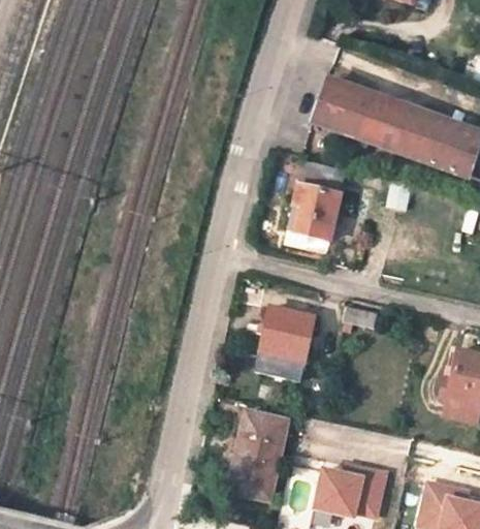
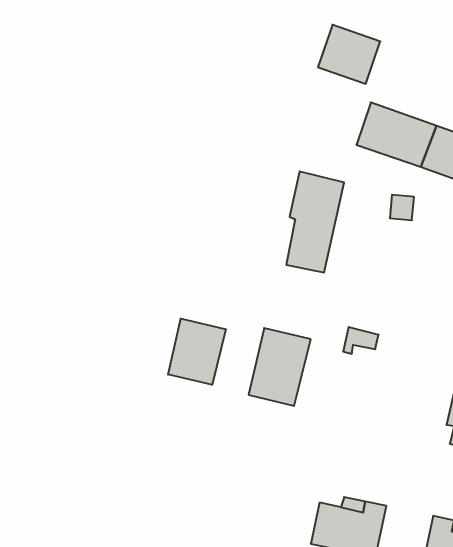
building: [313,81,371,135] -> [318,25,380,84]
building: none -> [168,318,226,385]
building: [229,411,287,498] -> none

